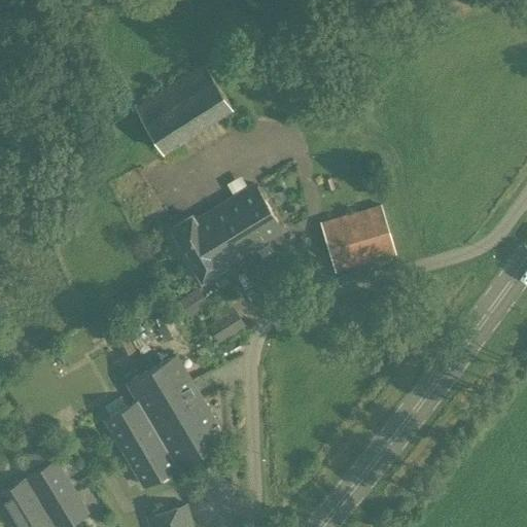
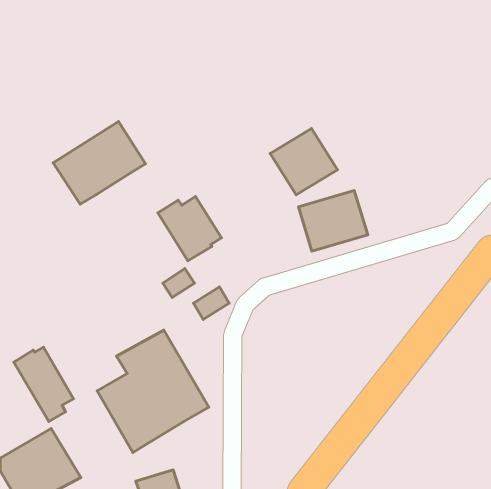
building: [135,66,234,154] -> [53,121,146,204]
building: [210,186,282,257] -> [270,129,338,195]
building: none -> [14,347,74,422]

